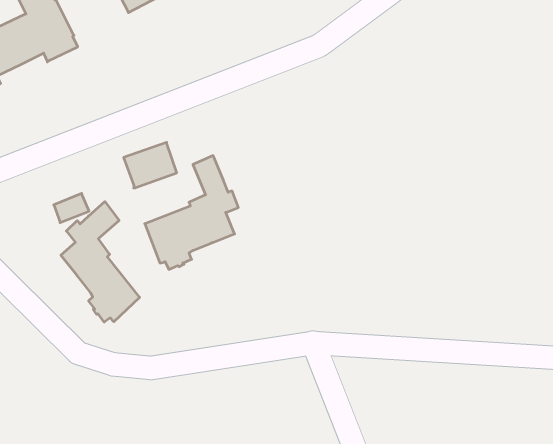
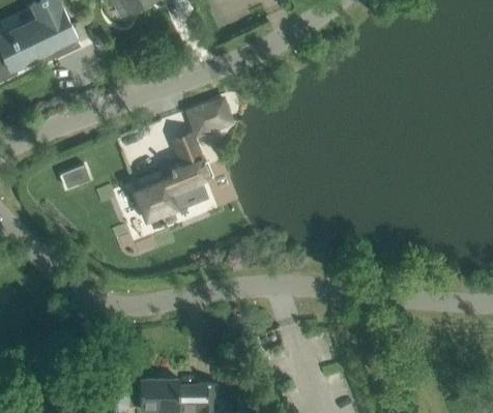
building: [124,142,177,188] -> [187,98,231,136]
building: [61,202,140,322] -> none

